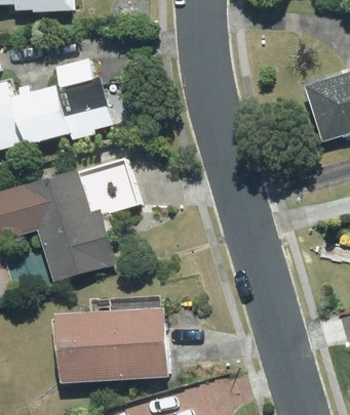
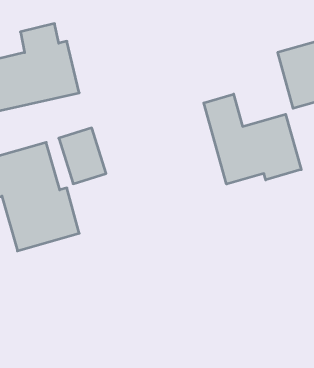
building: none -> [204,94,301,184]
building: [48,307,163,379] -> none

